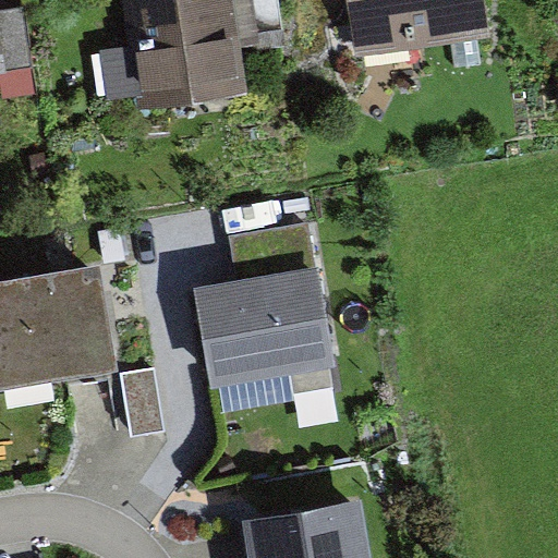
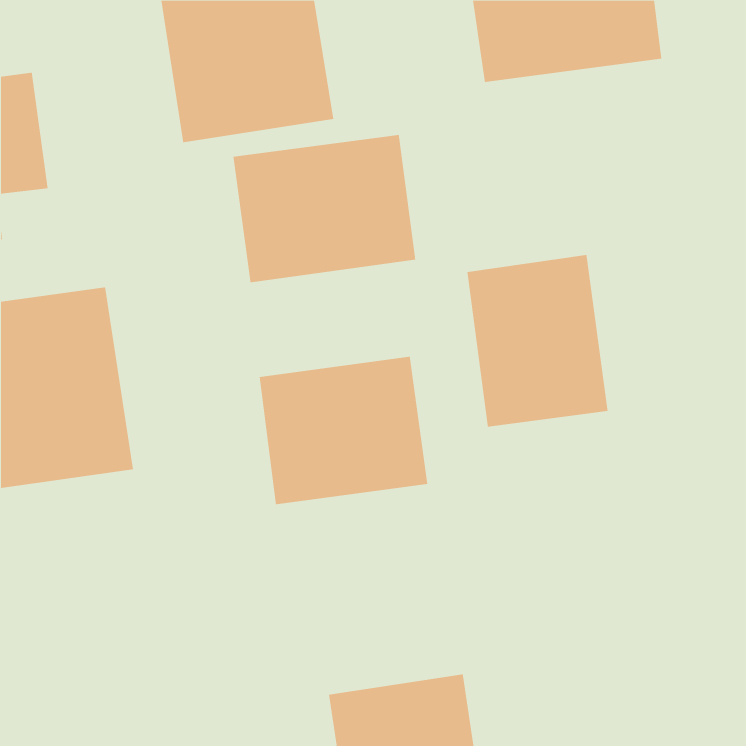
building: none -> [233,134,416,283]
building: none -> [467,254,608,427]

